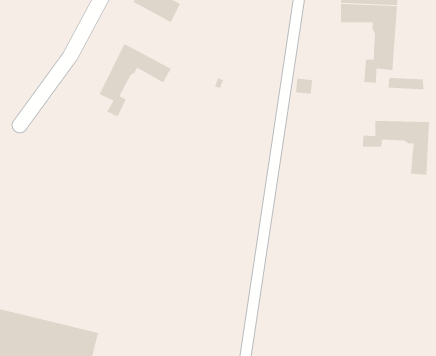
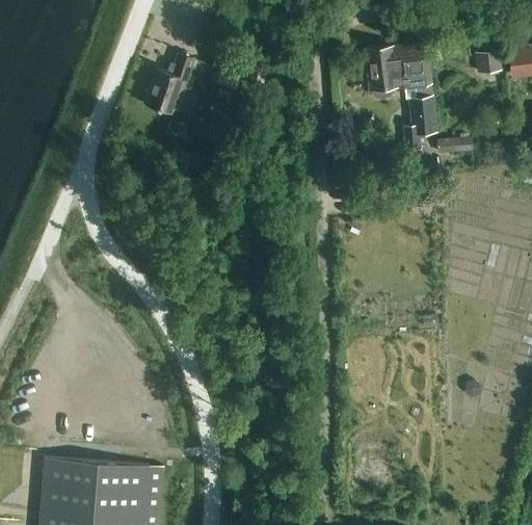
building: [99,43,172,117] -> none
building: [363,120,430,175] -> none

